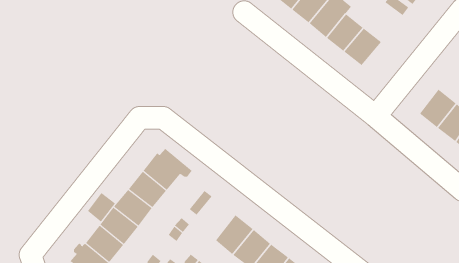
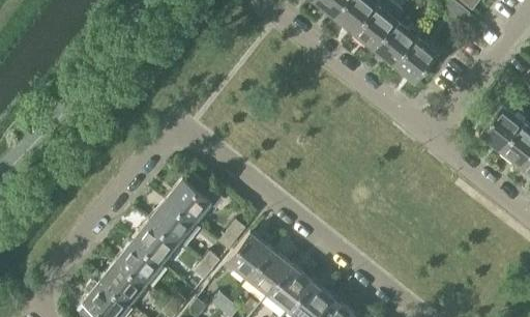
building: [87,192,116,222] -> none
building: none -> [228,233,271,279]

